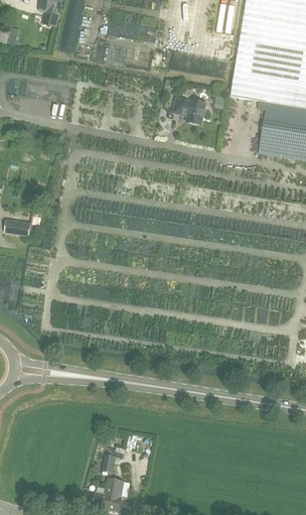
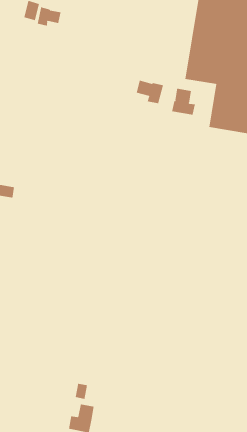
building: none -> [37,7,61,27]
building: none -> [172,88,195,115]

